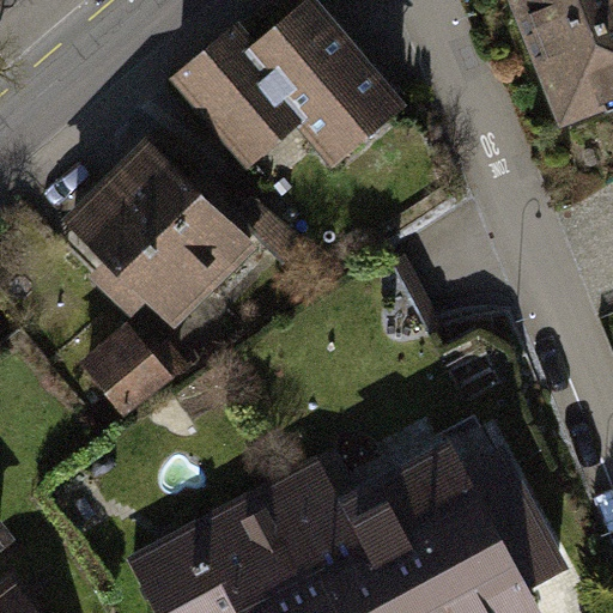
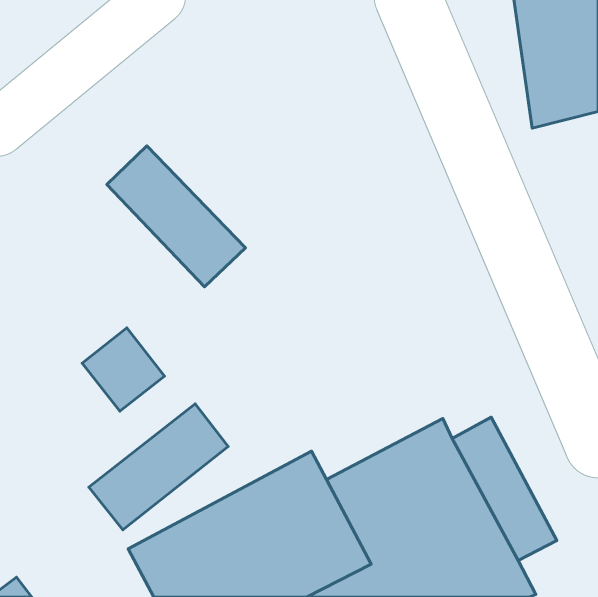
building: [176,5,403,171] -> none
building: [67,188,208,332] -> none
building: none -> [89,404,228,530]

